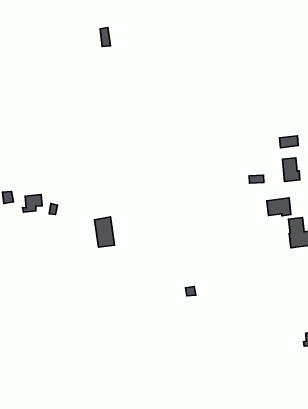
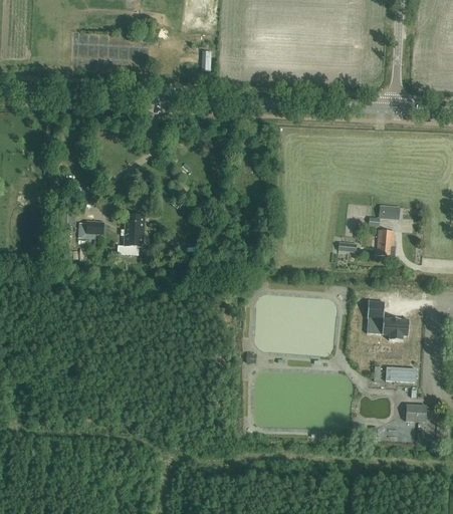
building: [267,198,291,216] -> none
building: [95,217,115,247] -> [124,216,143,248]

